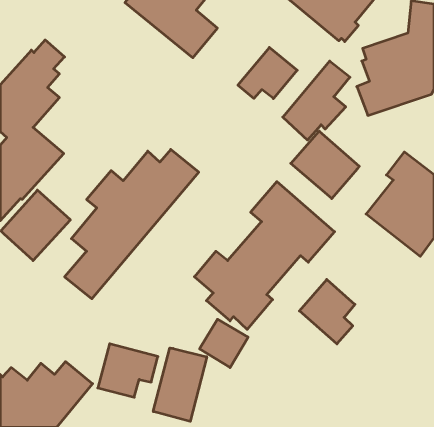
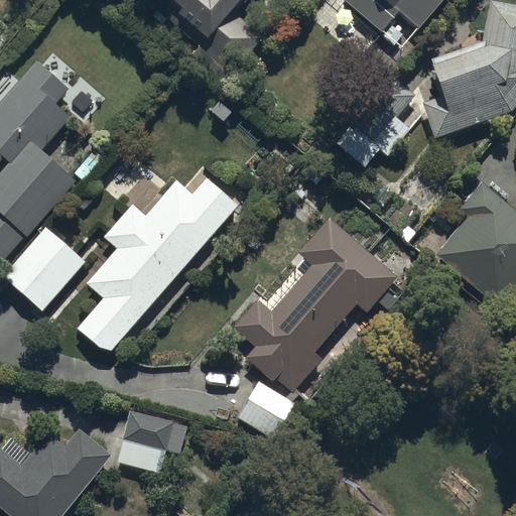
building: [238,47,297,99] -> none
building: [291,131,359,199] -> none
building: [299,279,355,344] -> none
building: [153,348,207,421] -> none

